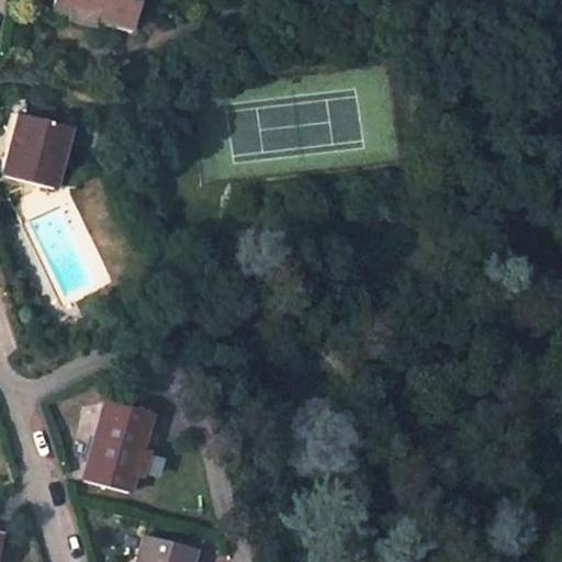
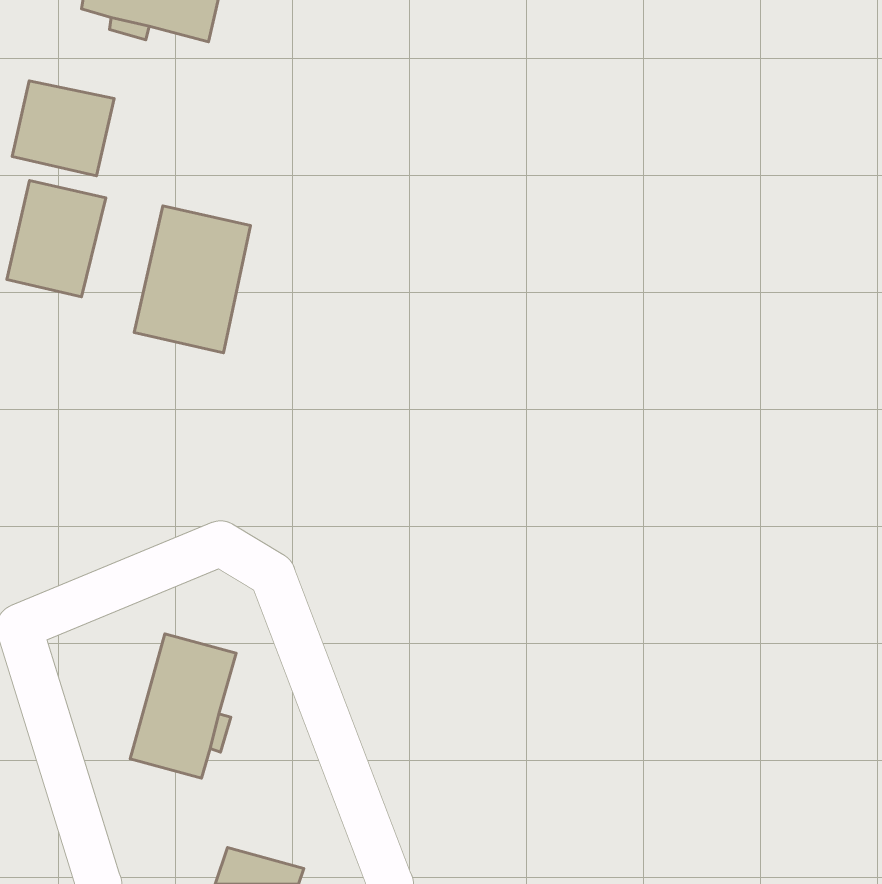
building: none -> [12,81,114,176]
building: none -> [134,206,251,353]

